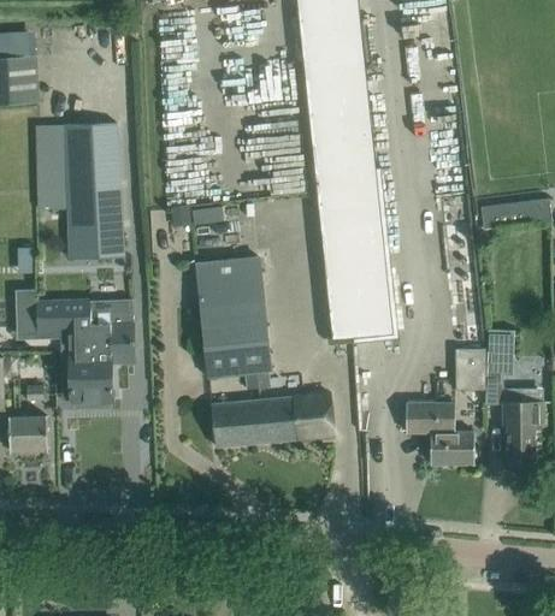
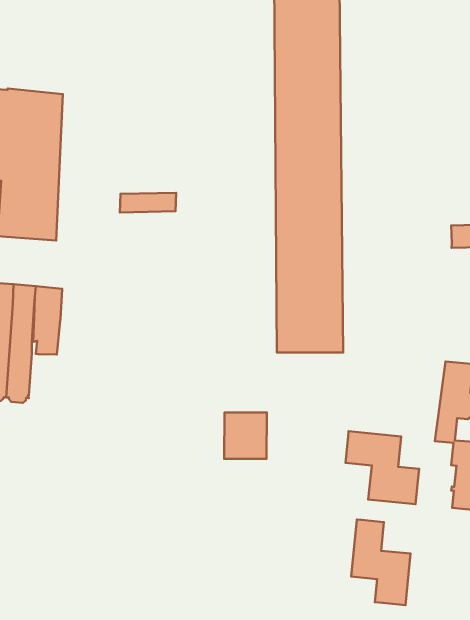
building: [197,256,268,390] -> none
building: [455,348,485,389] -> none
building: [211,397,295,446] -> none
building: none -> [351,519,411,605]

